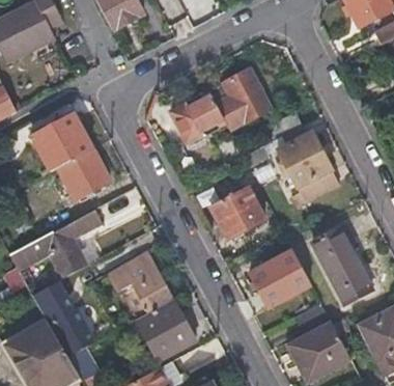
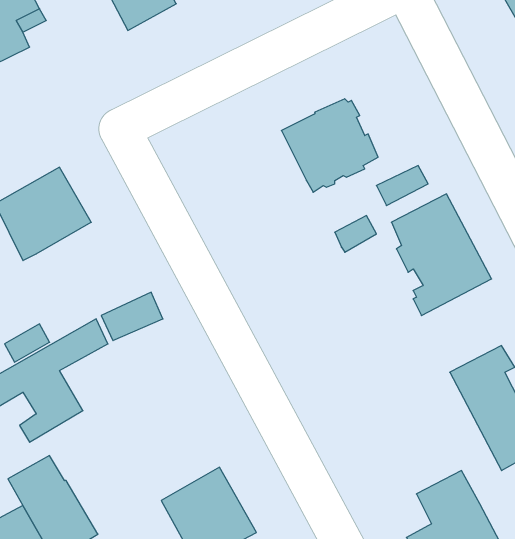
building: [170,91,225,143] -> none
building: [57,148,108,199] -> none
building: [212,187,264,239] -> none
building: [251,250,311,306] -> none
building: [109,251,171,319] -> none

